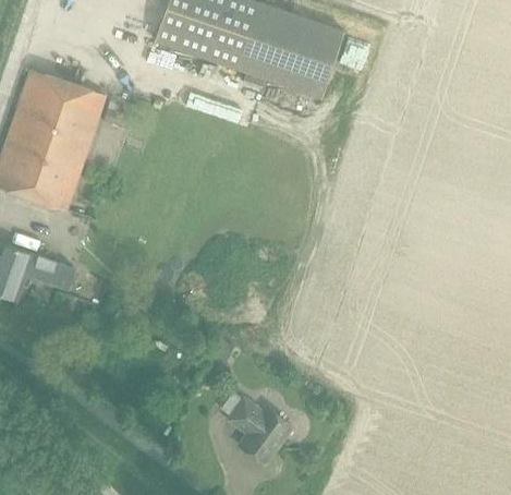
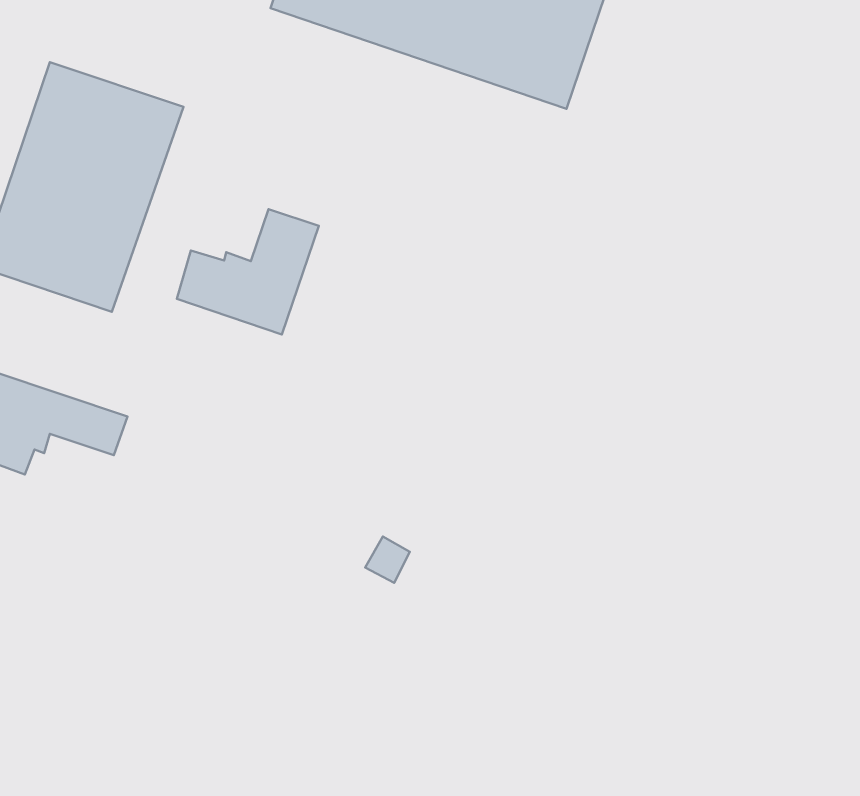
building: none -> [177,209,319,335]
building: [228,398,292,463] -> none

